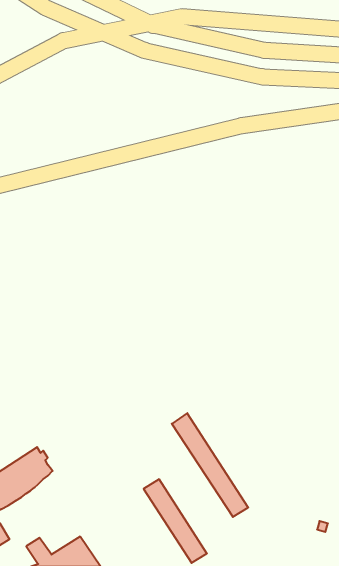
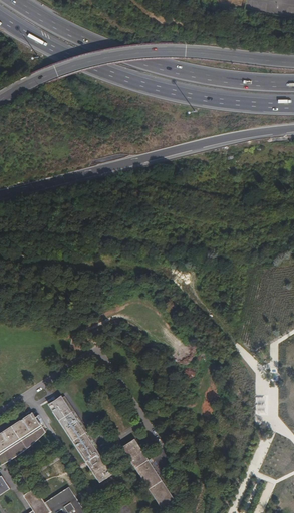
building: [172,413,248,517] -> [48,395,112,482]

